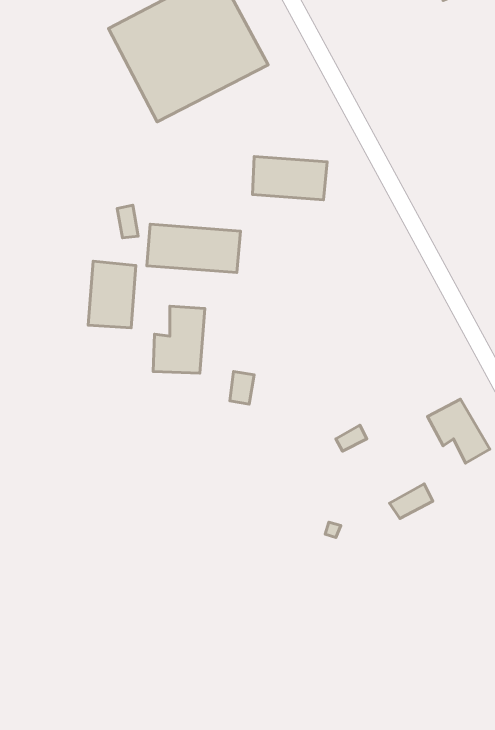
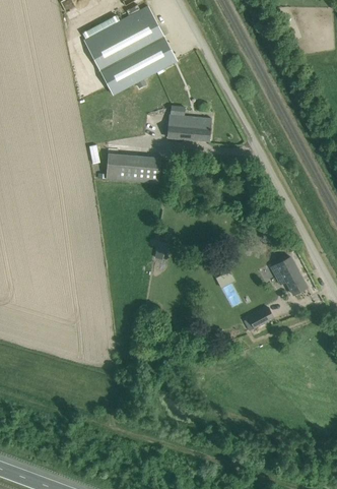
building: [88,261,136,328] -> none
building: [153,306,205,373] -> none

